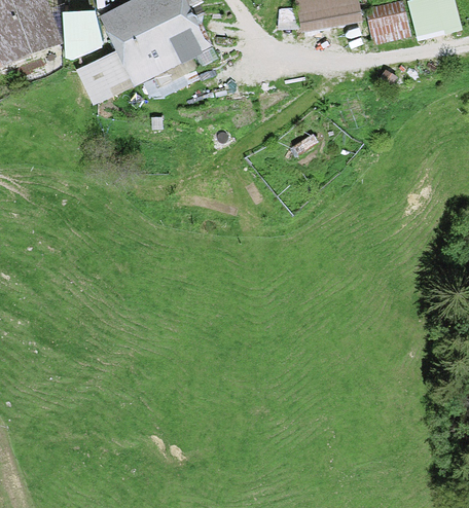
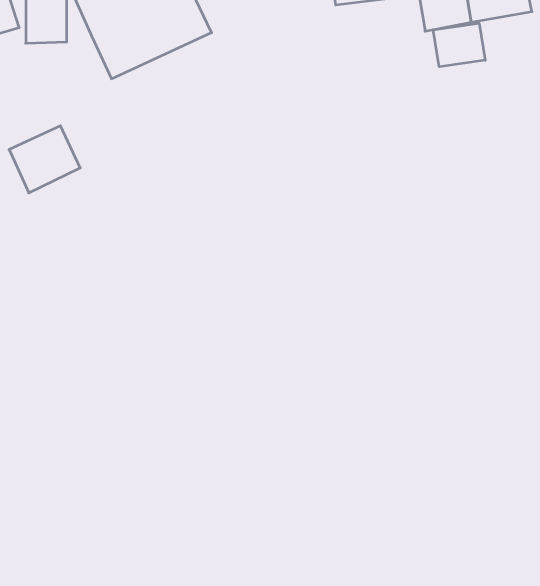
building: none -> [433,23,485,67]
building: [74,50,130,103] -> [9,126,80,193]

